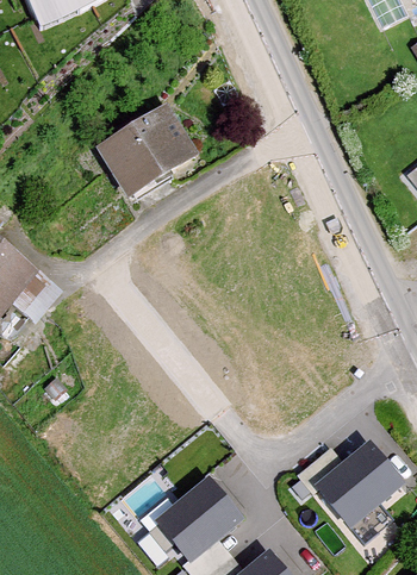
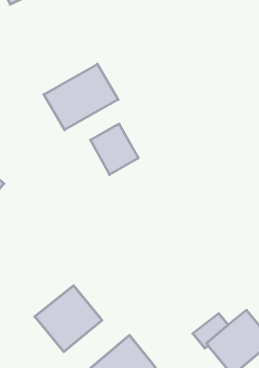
building: none -> [90,124,138,175]
building: none -> [35,286,102,352]

